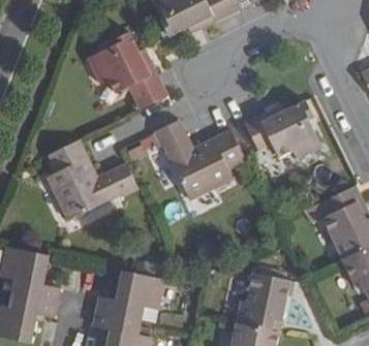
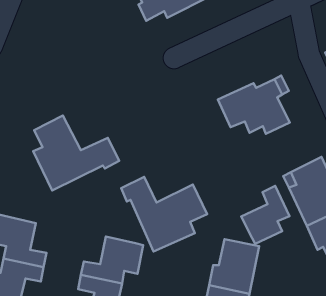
building: [87,31,167,109] -> none
building: [154,120,247,200] -> [121,177,207,251]
building: none -> [241,186,289,244]

